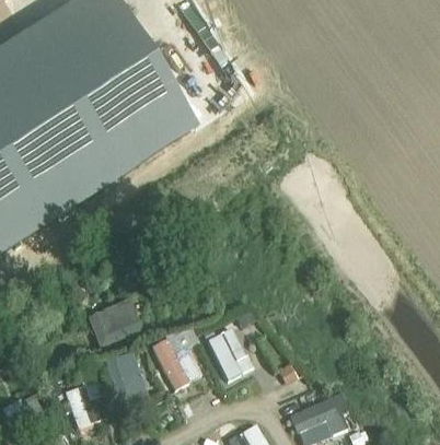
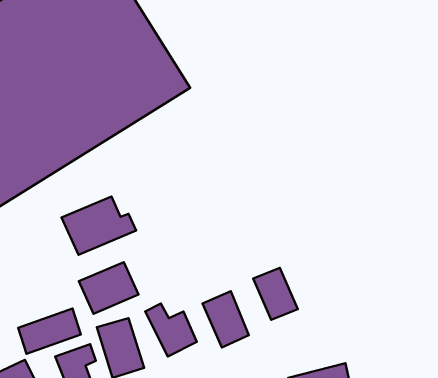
building: none -> [62,196,136,255]
building: none -> [253,268,298,320]
building: none -> [18,308,81,354]

